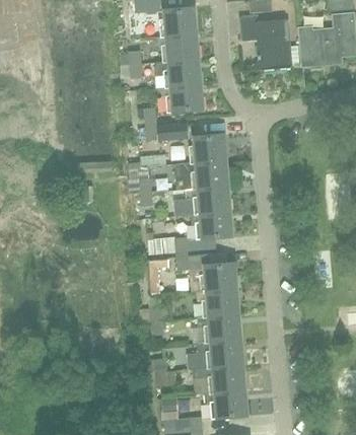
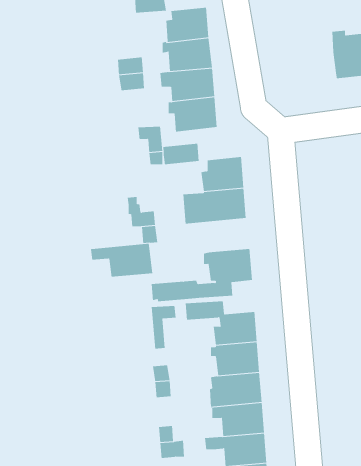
building: [240,17,302,70] -> none
building: [176,185,231,213] -> [88,243,153,277]

